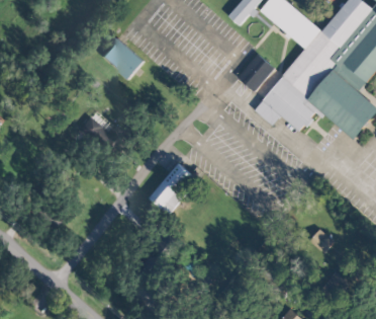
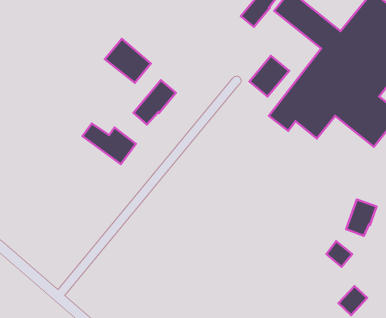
building: none -> [133,80,176,124]
building: [149,163,197,215] -> none
building: none -> [346,199,377,236]

